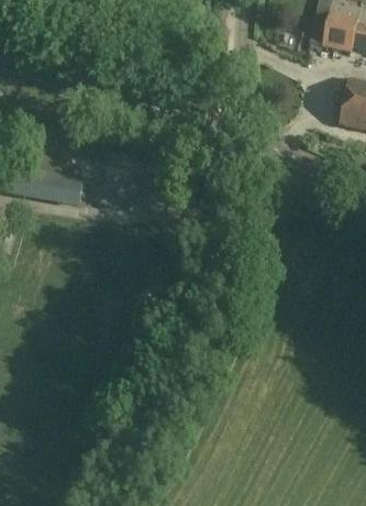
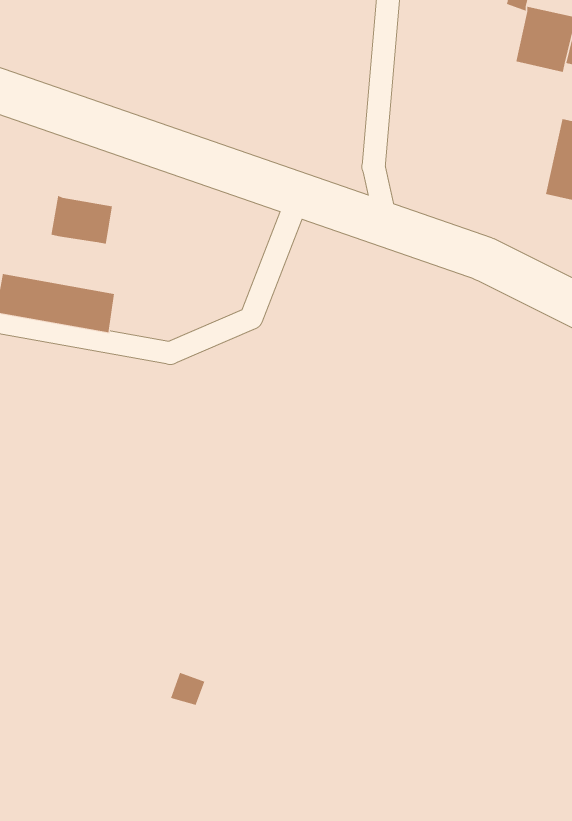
building: none -> [51,195,112,245]

